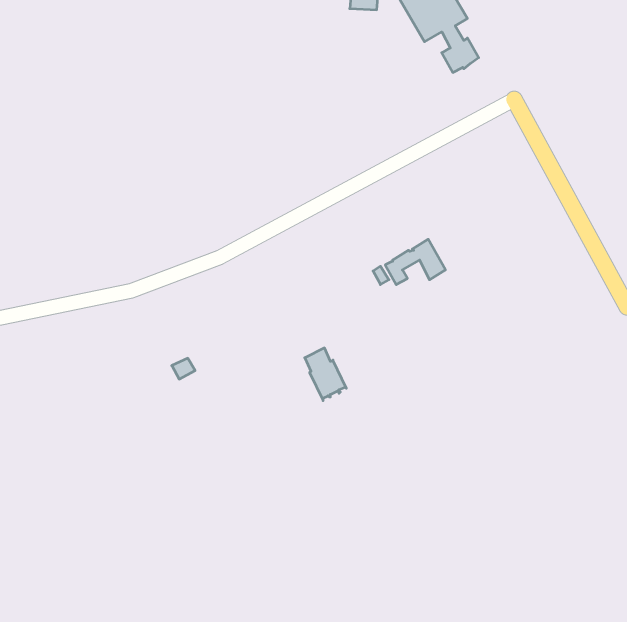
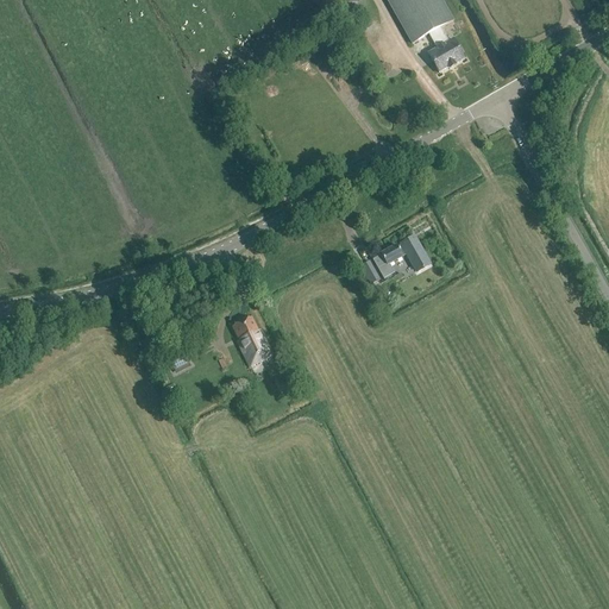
building: [305,348,346,401] -> [233,315,274,366]

